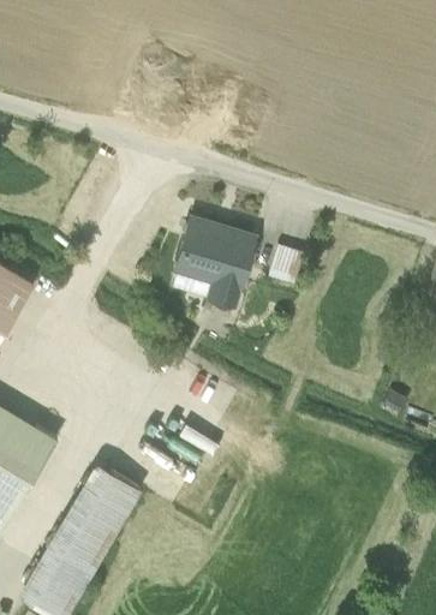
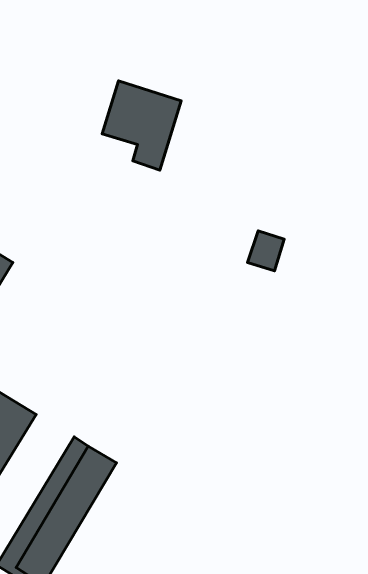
building: [178,221,258,312] -> [102,81,181,170]

